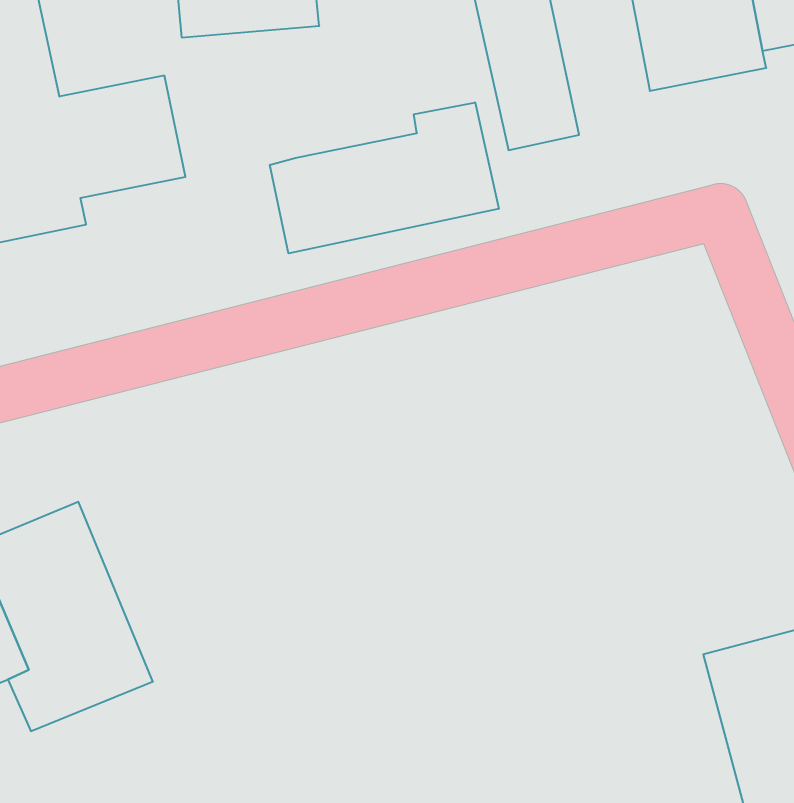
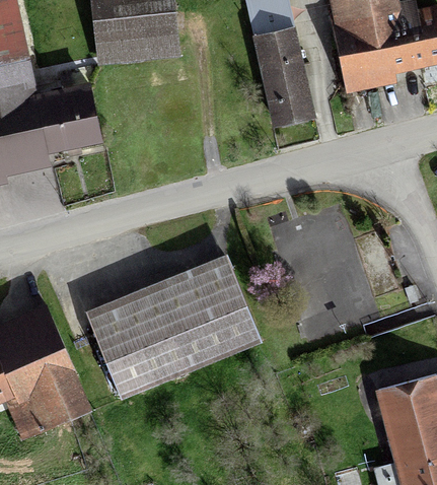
building: [270,102,499,253] -> none
building: none -> [90,261,254,393]

